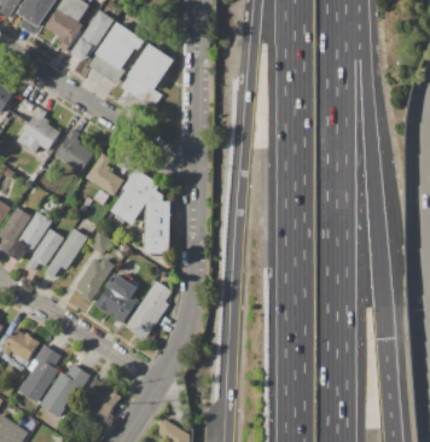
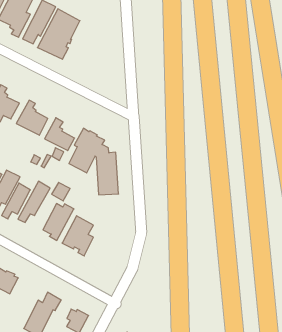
building: [120,43,173,109] -> none
building: [126,281,172,339] -> none
building: [18,344,60,402] -> none

